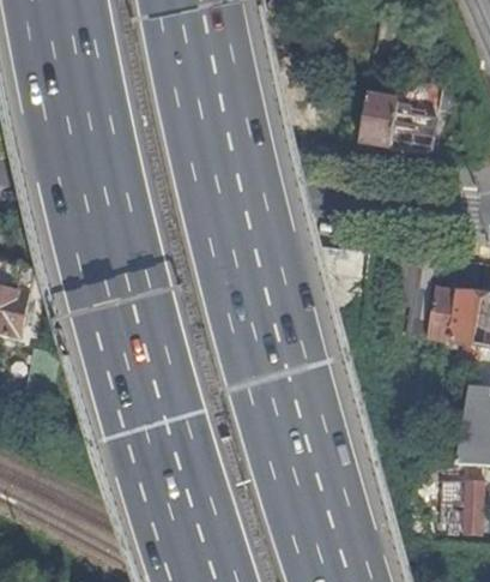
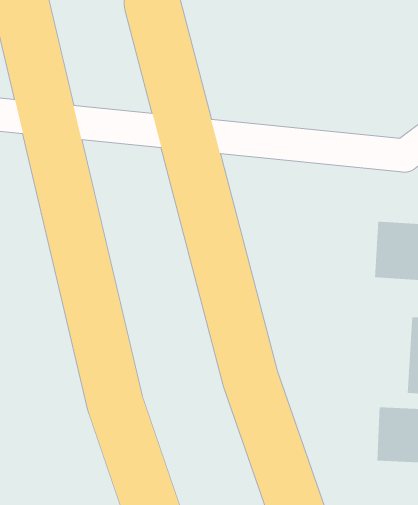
building: [359,95,438,152] -> none

